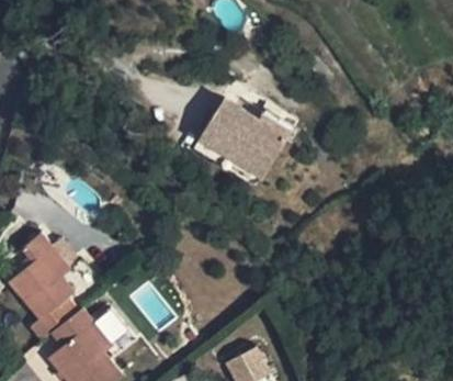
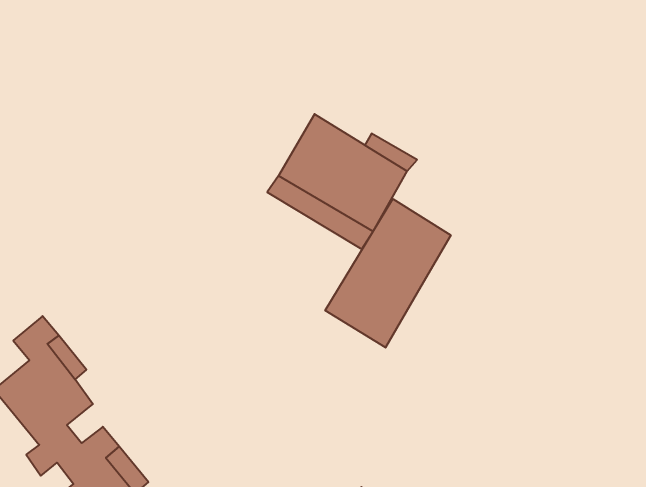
building: none -> [325,199,451,348]

